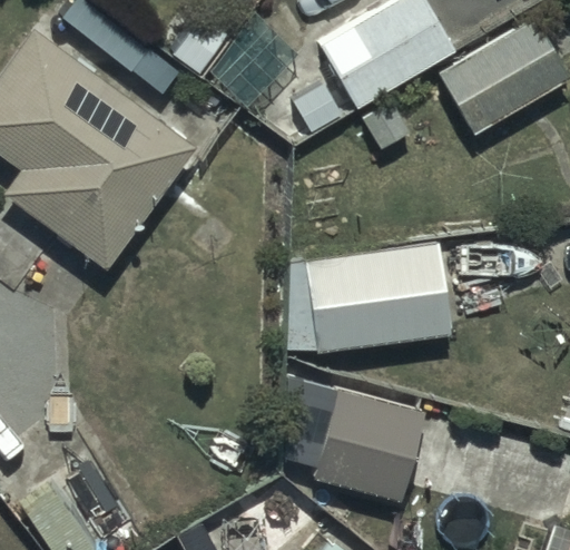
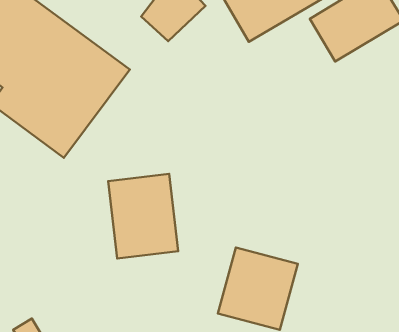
building: [277,244,448,352] -> none
building: none -> [108,174,178,259]

